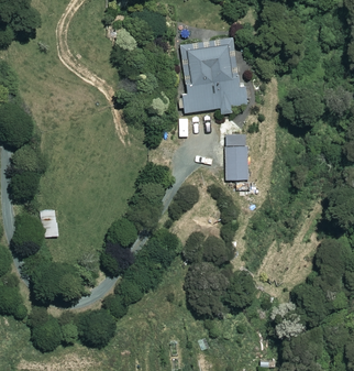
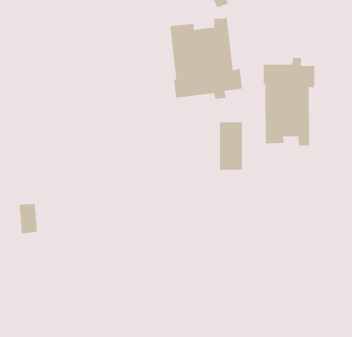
building: none -> [263,57,315,146]

